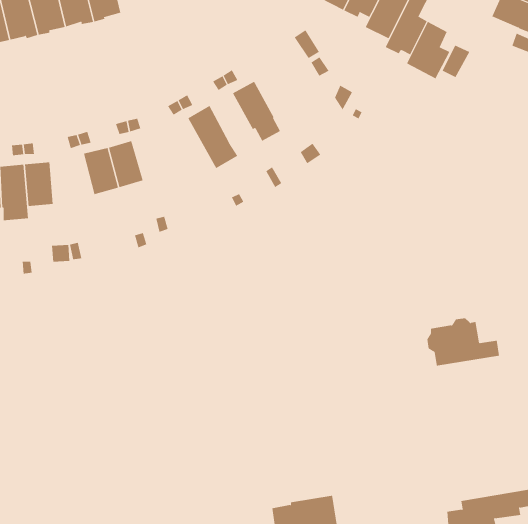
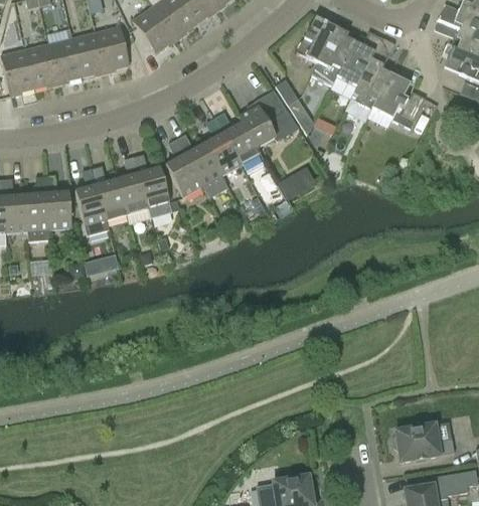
building: none -> [238,90,286,154]
building: none -> [204,133,241,175]
building: none -> [165,154,209,197]
building: none -> [138,167,172,217]
building: none -> [74,184,106,225]
building: [427,318,500,366] -> [392,420,455,462]

